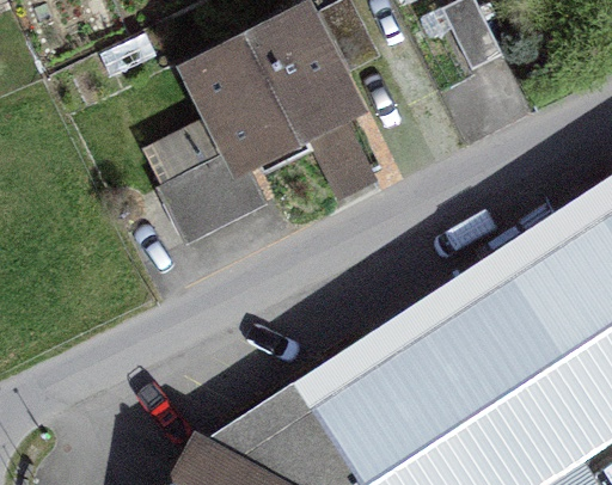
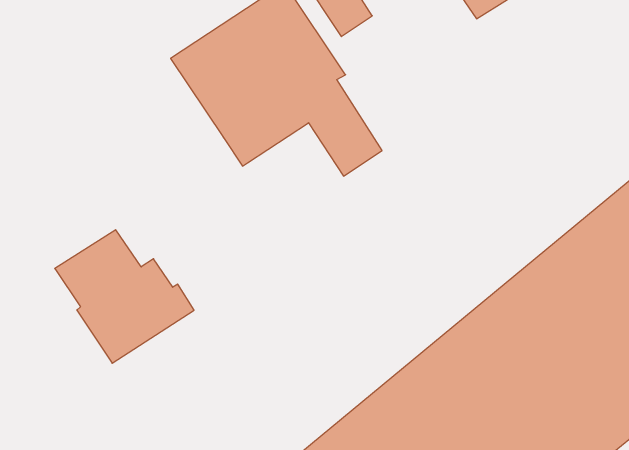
building: [142,118,263,238] -> [55,230,194,363]

